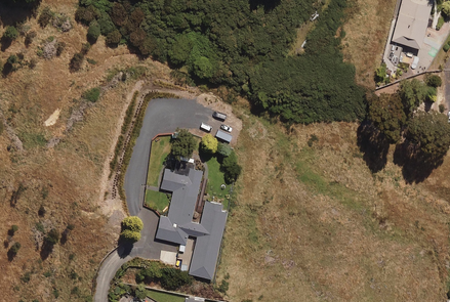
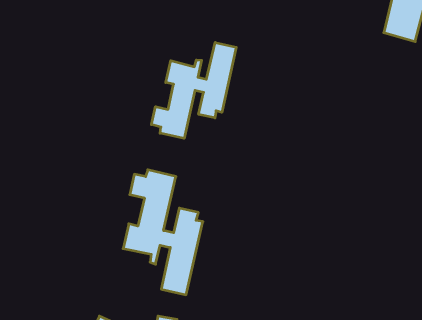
building: none -> [151,42,236,138]

